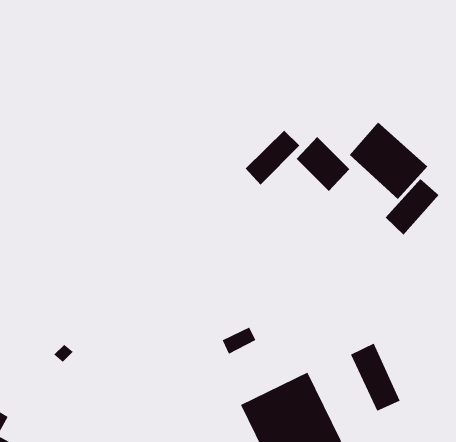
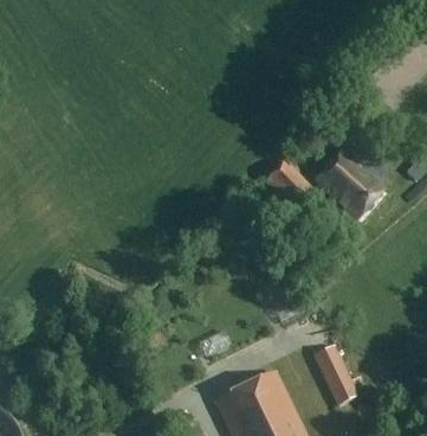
building: [245,130,300,185] -> none
building: [385,178,440,235] -> none

